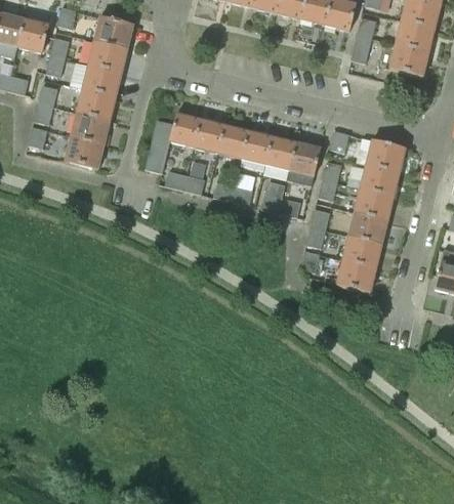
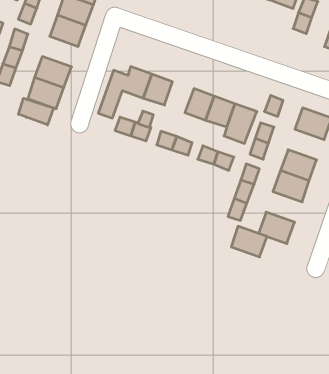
building: [76,88,115,120] -> none
building: [217,125,248,158] -> none
building: none -> [18,98,54,125]
building: [360,164,399,196] -> none
building: [342,236,381,267] -> [231,226,267,257]

